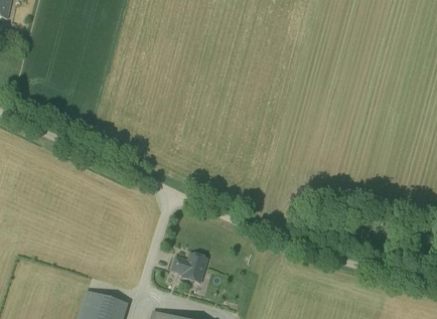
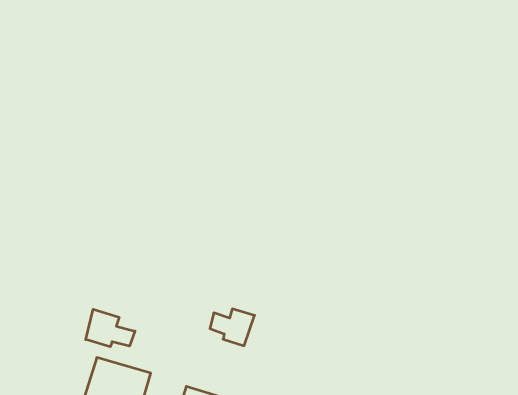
building: none -> [86,309,135,347]

